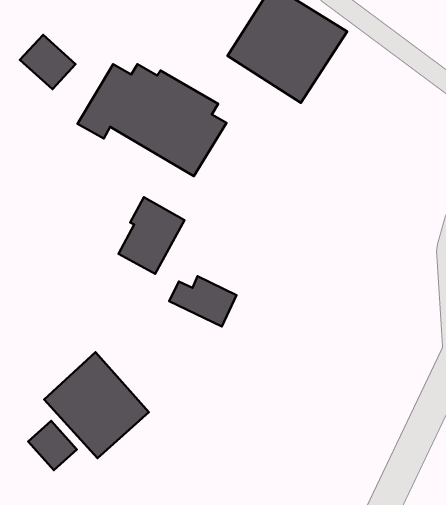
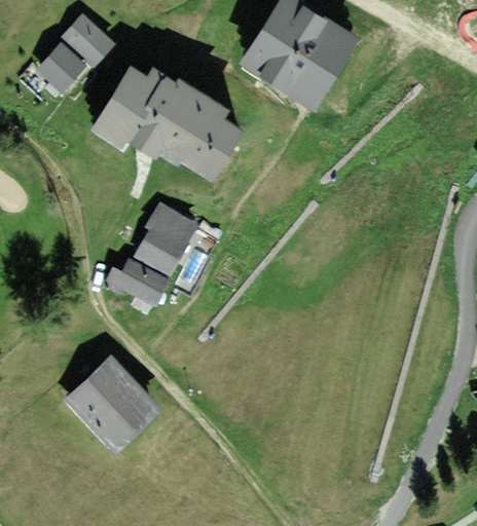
building: none -> [61,14,117,68]
building: [169,276,236,326] -> [101,260,167,309]
building: [28,421,77,470] -> none

